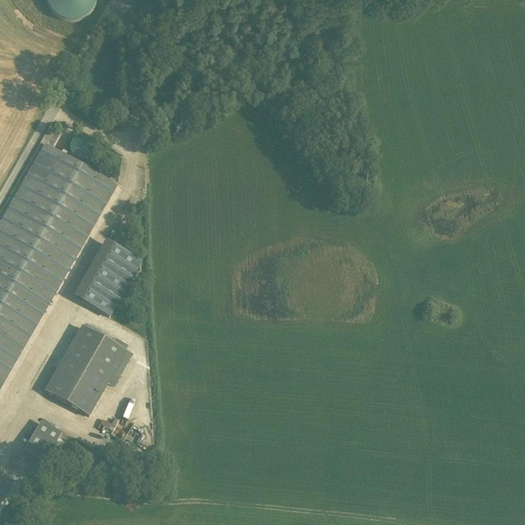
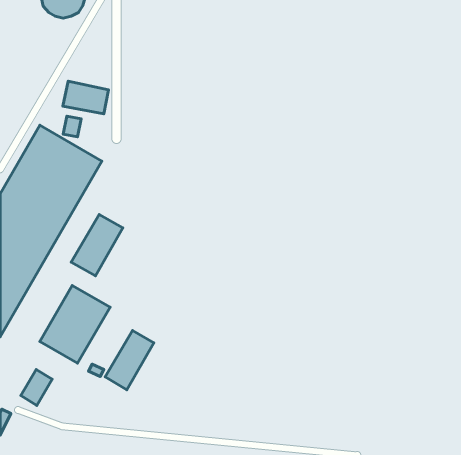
building: none -> [63,81,109,114]
building: none -> [105,330,154,390]

